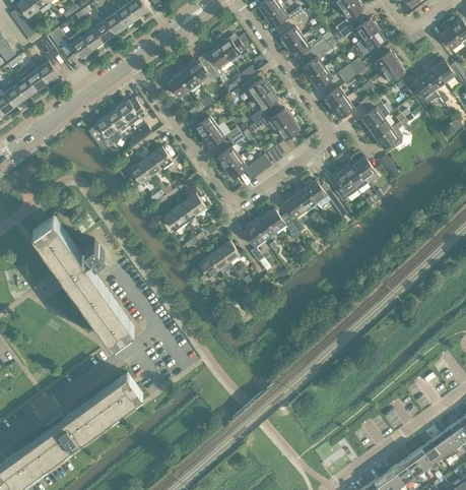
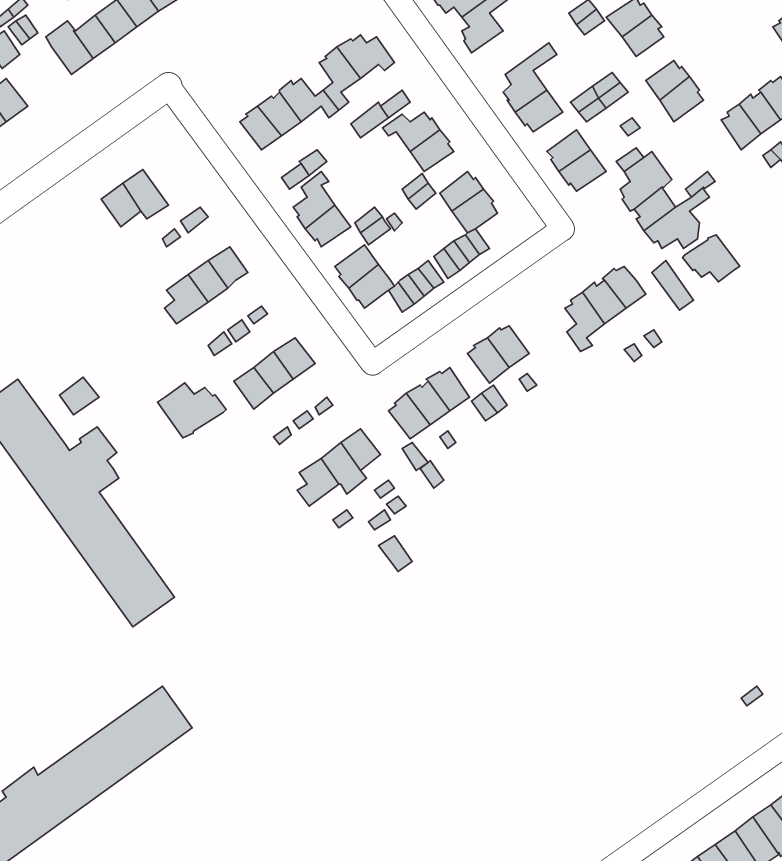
building: [285,37,325,59] -> none
building: [117,99,145,126] -> none
building: none -> [683,235,740,282]
building: [304,180,343,213] -> none
building: none -> [158,383,226,438]

